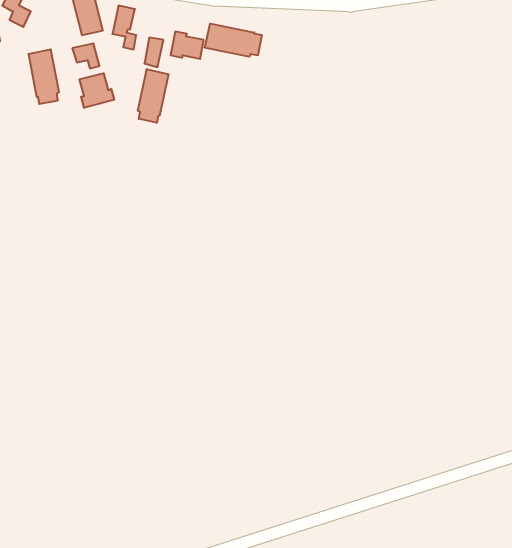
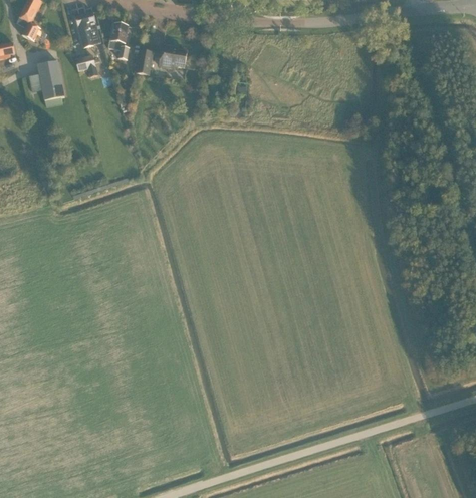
building: [205,24,262,57] -> none
building: [138,69,169,123] -> none
building: [80,73,114,108] -> none

